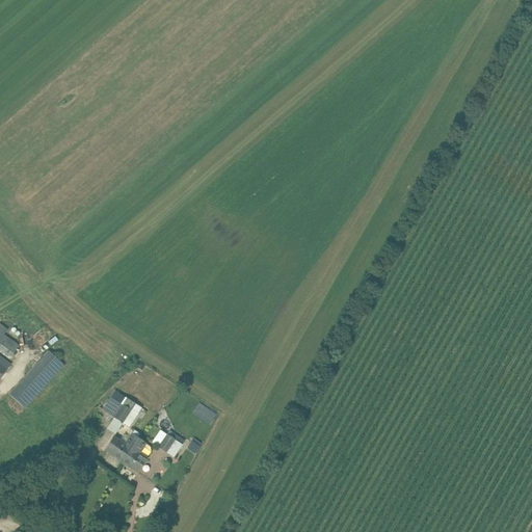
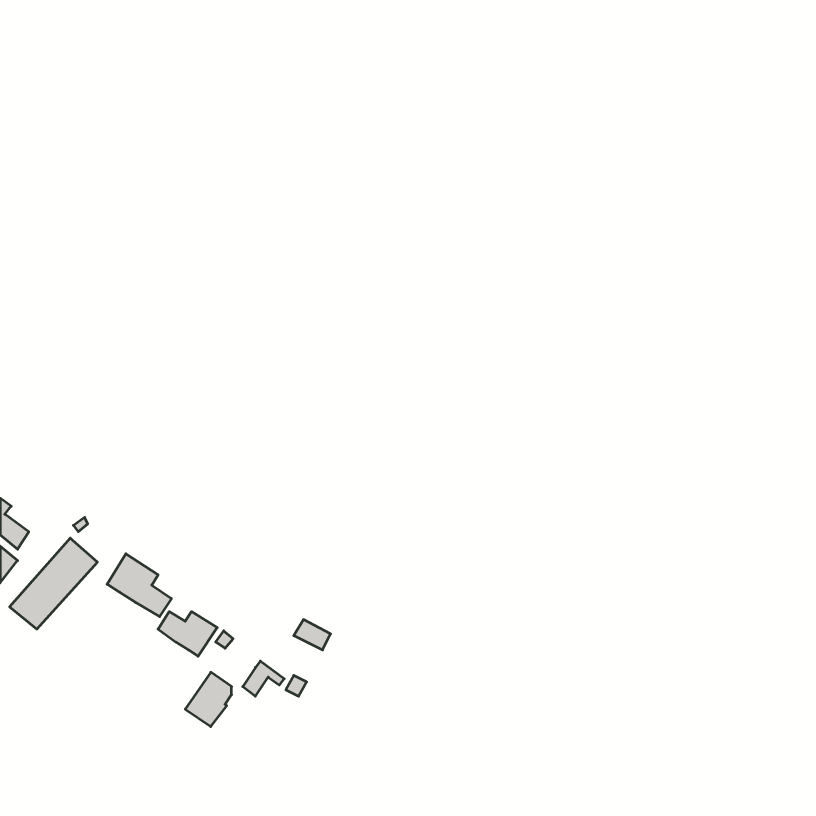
building: none -> [107,554,171,617]
building: [105,430,139,461] -> none

